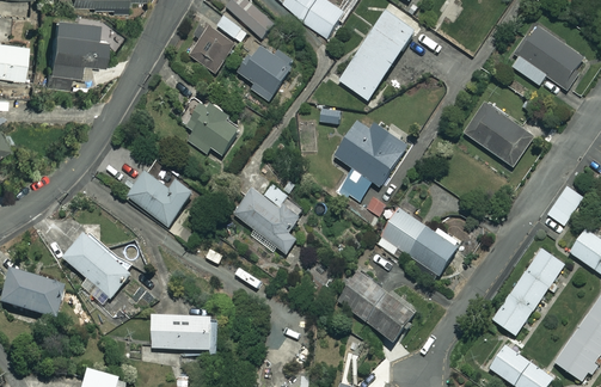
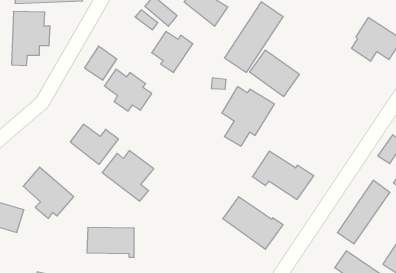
building: [190,26,234,73] -> [84,46,117,80]
building: [465,103,533,166] -> [250,50,299,96]
building: [234,184,305,253] -> [102,151,154,201]

